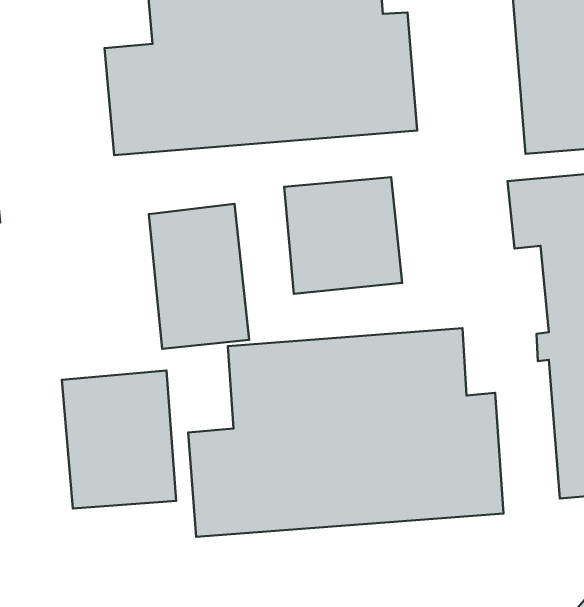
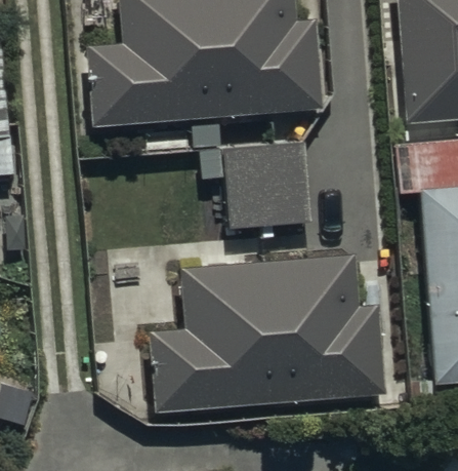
building: [149,204,249,349] -> none
building: [62,370,176,509] -> none

